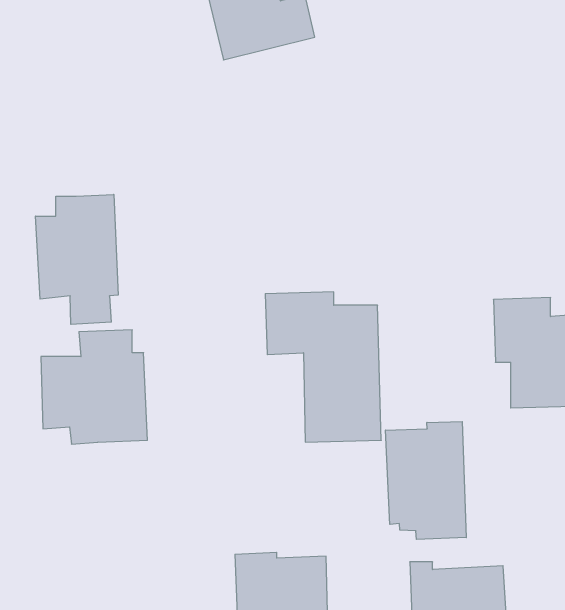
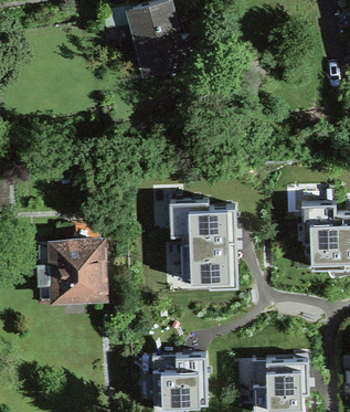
building: [36,194,118,324] -> none
building: [386,422,466,539] -> none

